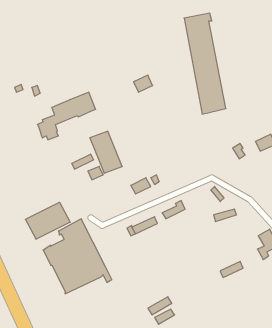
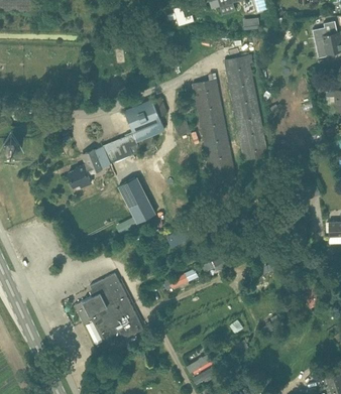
building: none -> [192,73,235,183]
building: none -> [122,99,163,156]
building: [25,202,70,239] -> none

